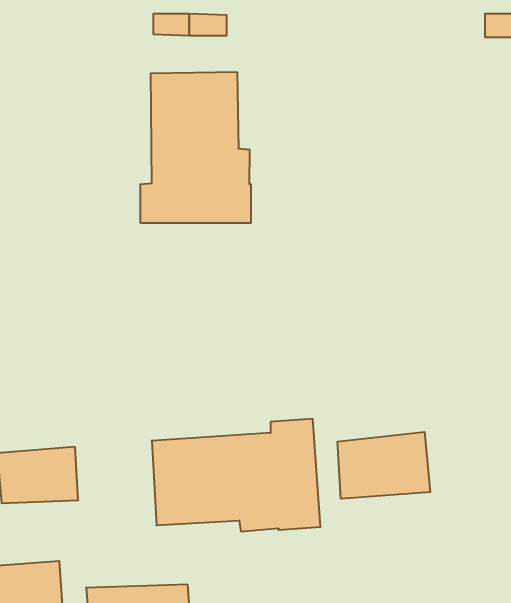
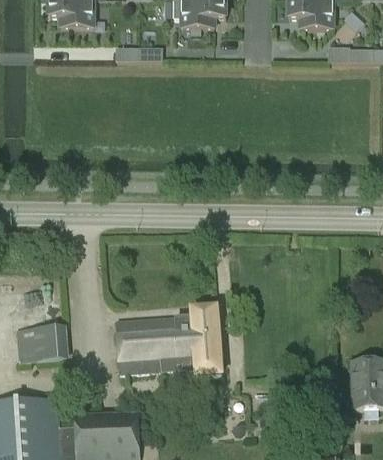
building: [141,72,251,223] -> none
building: [338,432,430,499] -> none

